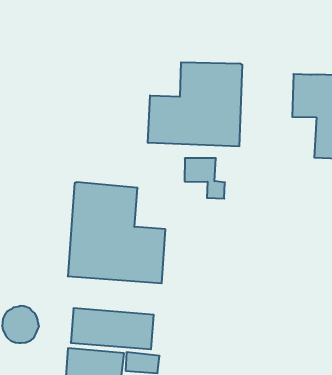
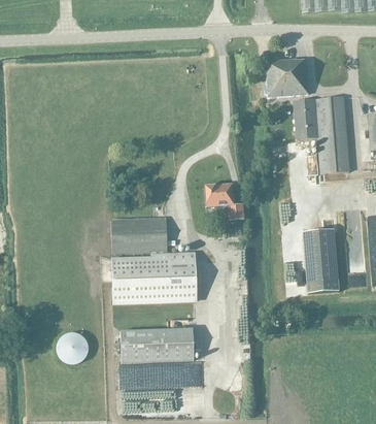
building: none -> [265,59,309,96]
building: [148,62,242,146] -> none
building: none -> [303,228,339,293]

